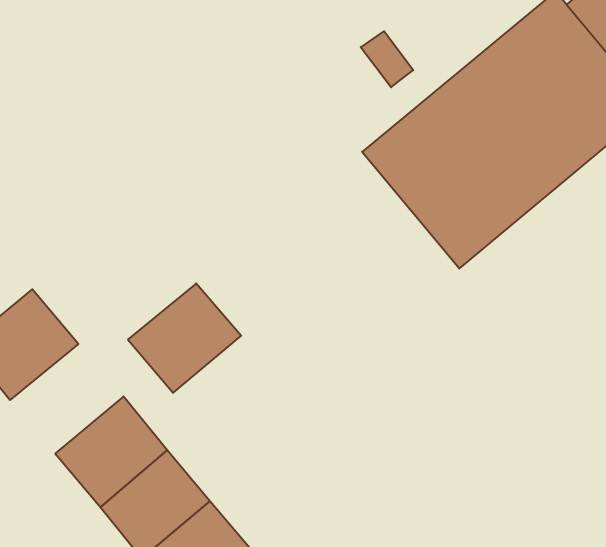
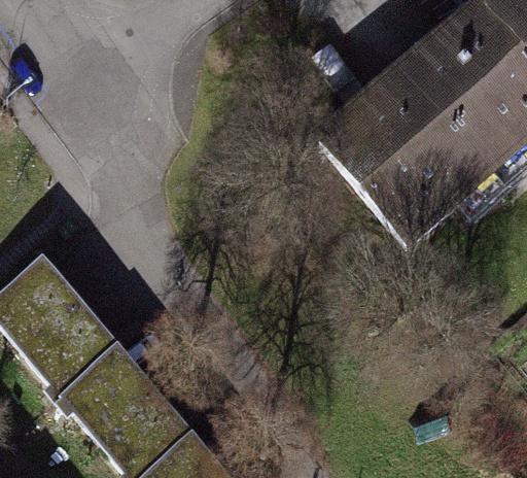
building: [128,283,241,393] -> [22,301,117,394]

